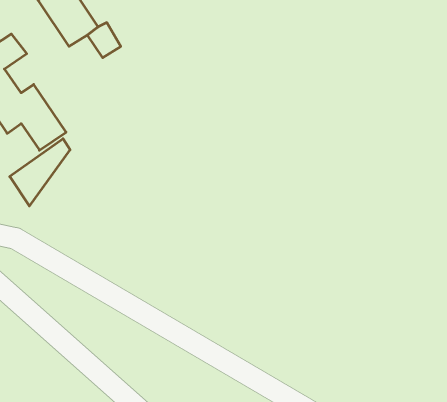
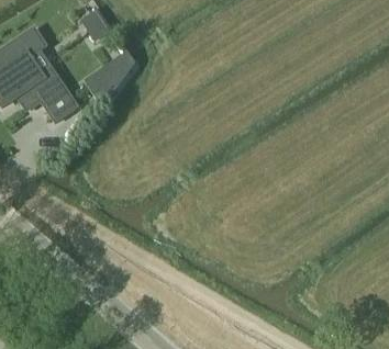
building: [10,139,70,206] -> [90,53,137,105]

